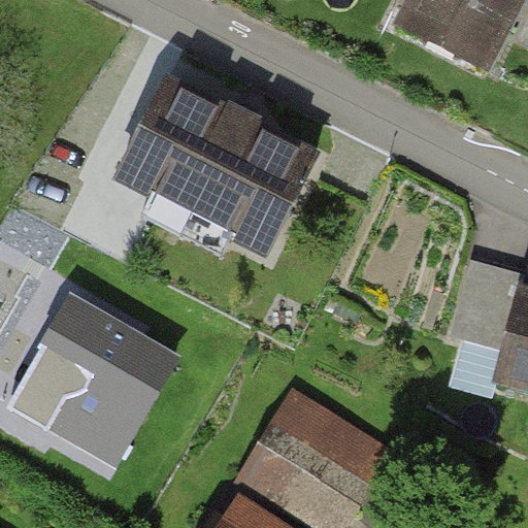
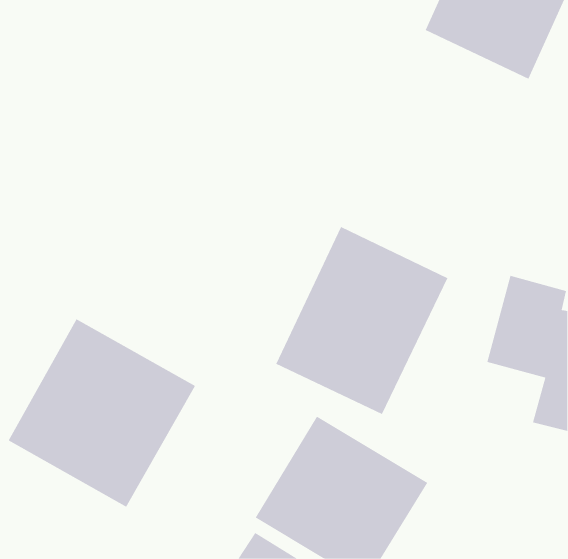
building: [112,79,321,263] -> none
building: none -> [275,226,448,415]

